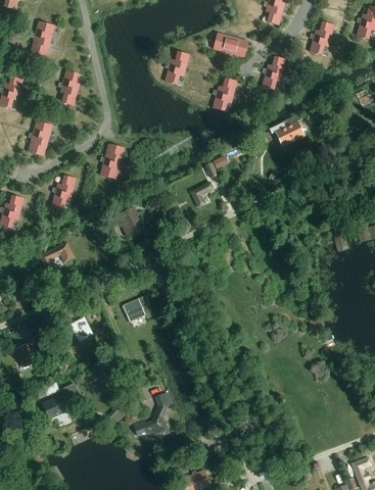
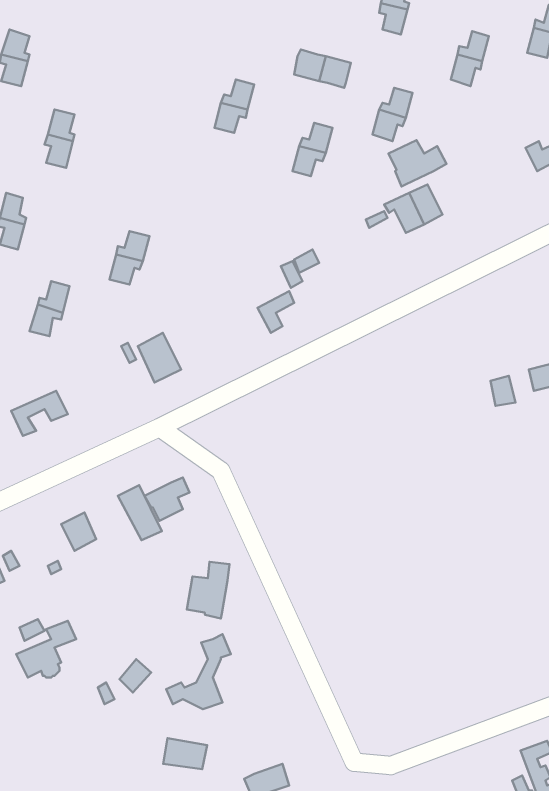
building: none -> [389,140,447,186]
building: none -> [118,485,162,540]
building: none -> [187,562,229,618]
building: none -> [163,738,207,769]

